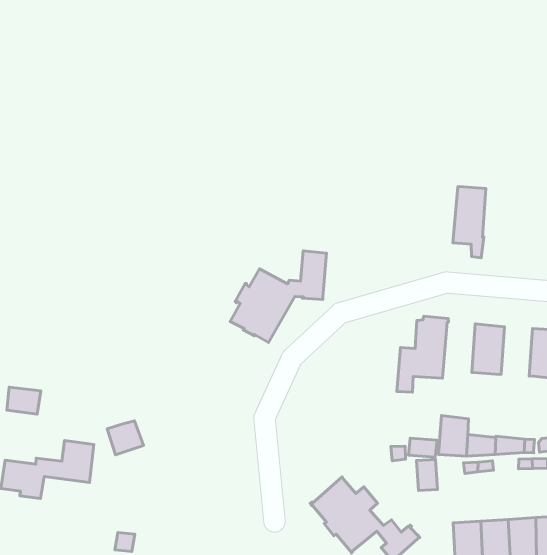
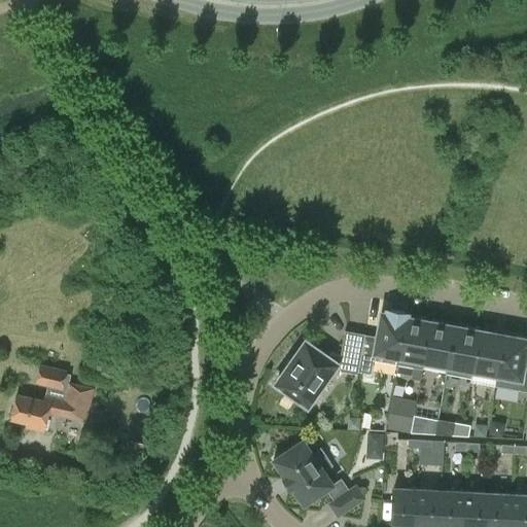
building: [453,187,486,258] -> [398,318,431,381]
building: [230,251,326,343] -> [277,331,365,407]
building: none -> [447,327,480,379]
building: [7,387,41,414] -> [37,365,68,391]
building: [107,421,144,455] -> none

